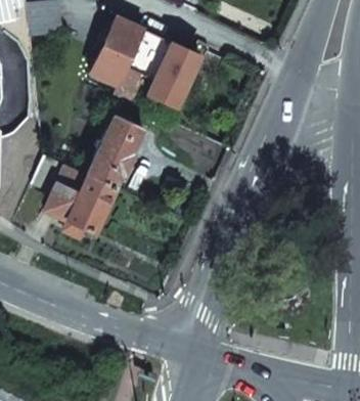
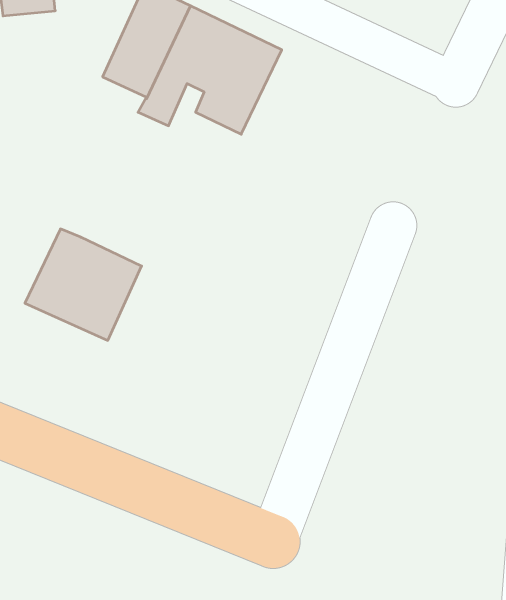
building: [79,115,142,187] -> none

